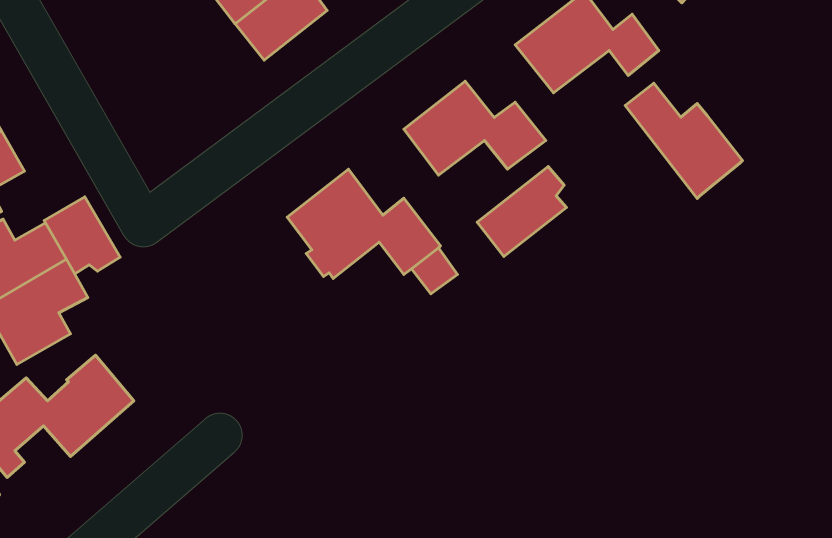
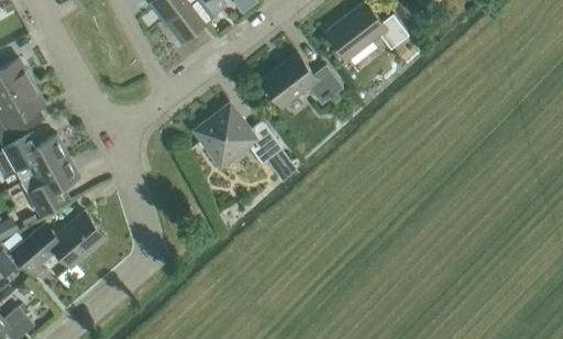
building: [625,83,743,198] -> none
building: [477,167,567,256] -> none
building: [44,197,120,274] -> none

